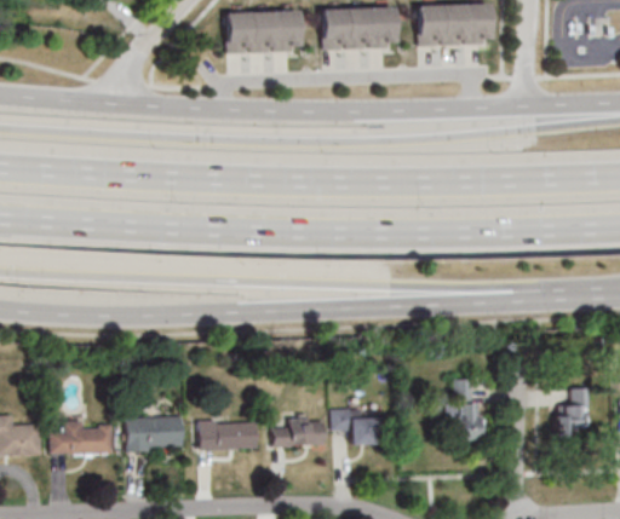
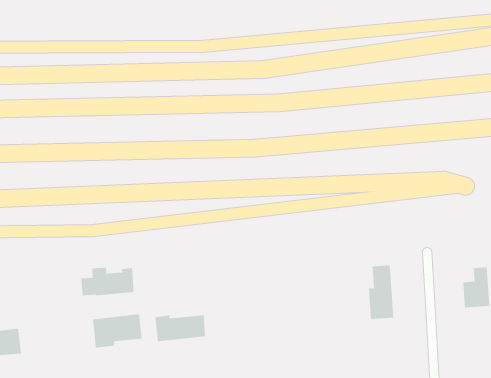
building: [332,408,381,445] -> none
building: [272,414,325,446] -> none
building: [51,421,113,454] -> [81,267,135,296]

